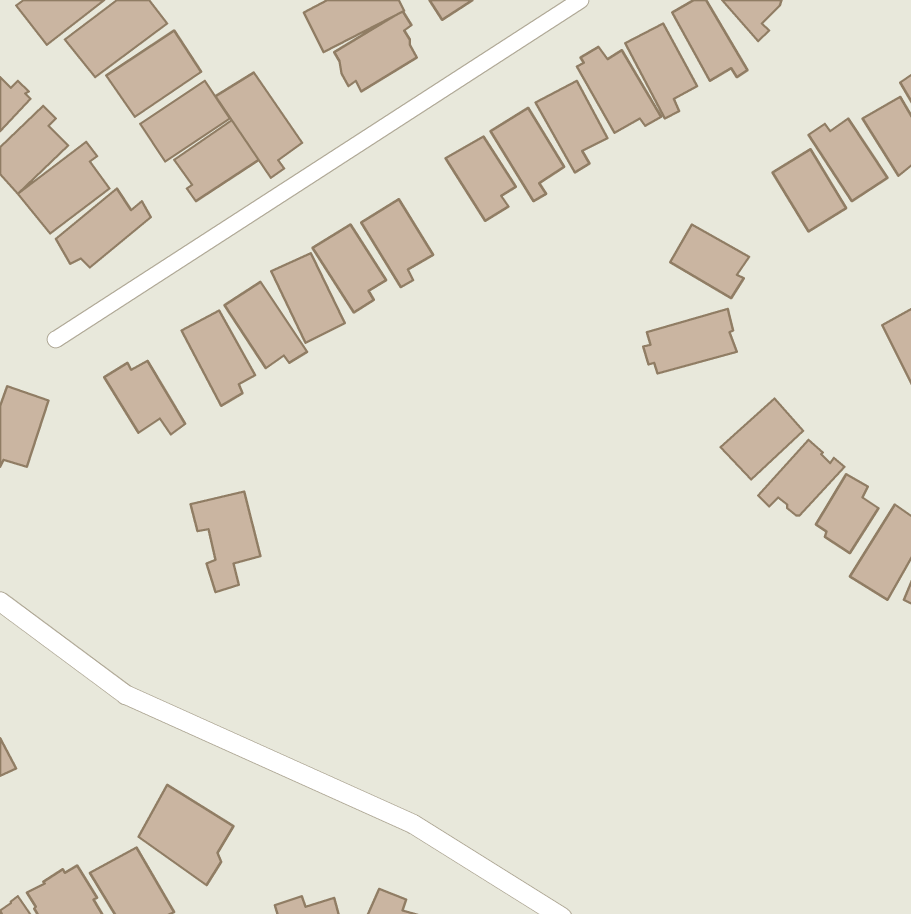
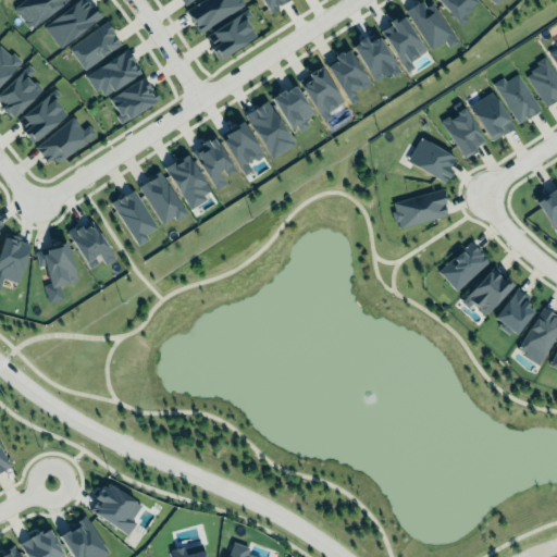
building: [215,72,302,178] -> none
building: none -> [245,99,298,160]
building: none -> [444,101,488,159]
building: [190,492,260,592] -> [37,244,79,305]

